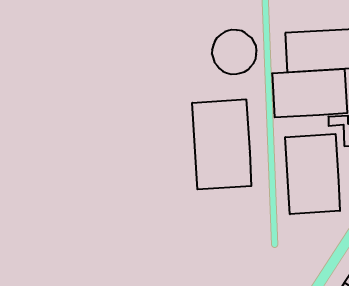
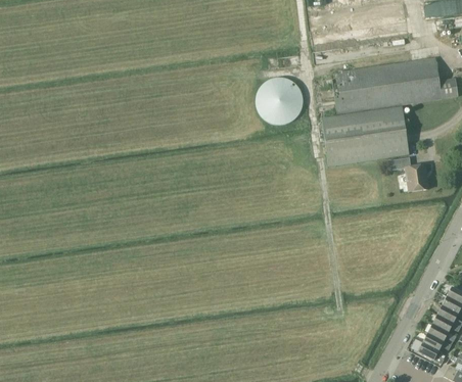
building: [192,99,251,189] -> none
building: [285,134,340,214] -> none

